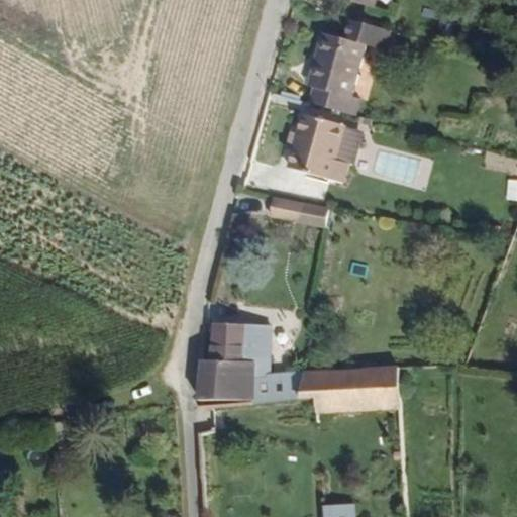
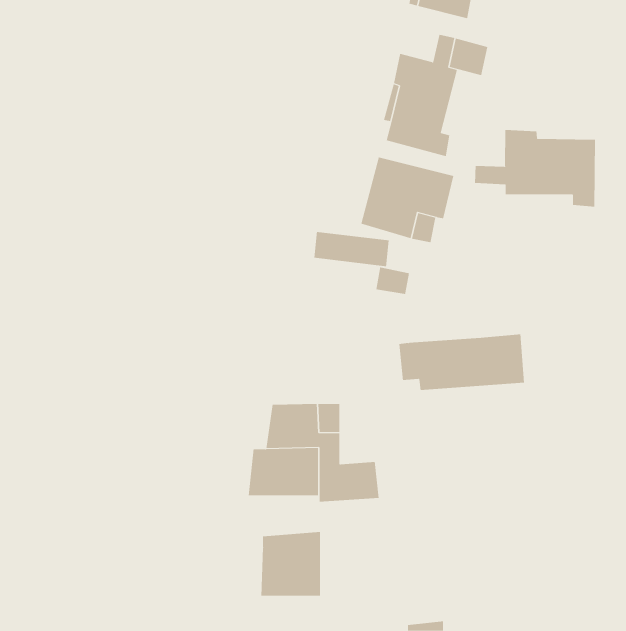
building: none -> [474,129,596,207]
building: [300,360,401,406] -> [398,334,525,391]
building: none -> [261,531,321,597]

